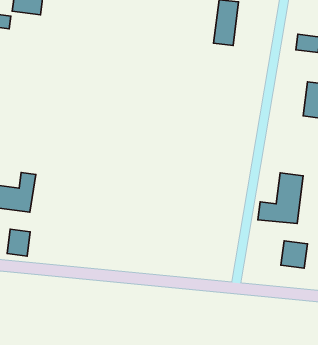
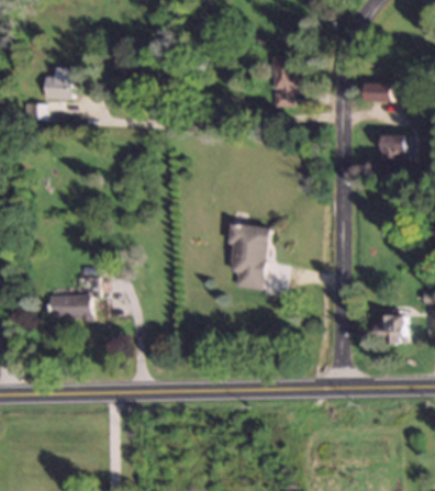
building: none -> [226,222,269,289]
building: [258,173,303,224] -> none
building: [7,229,30,256] -> none

